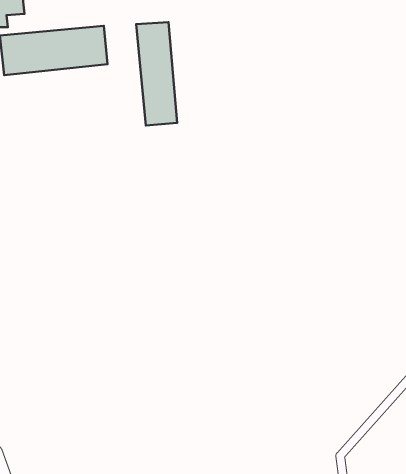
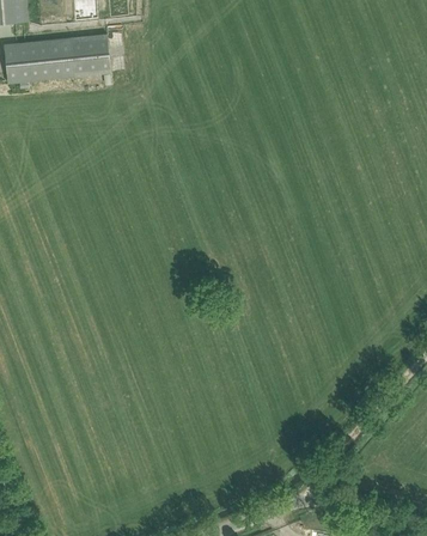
building: [136,22,177,126] -> none

